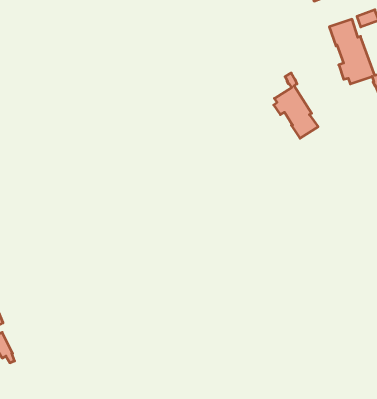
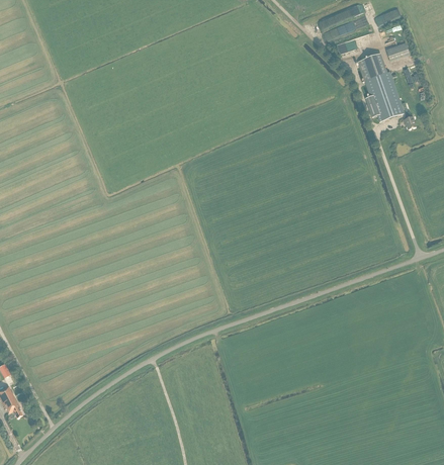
building: [274,73,318,138] -> none

